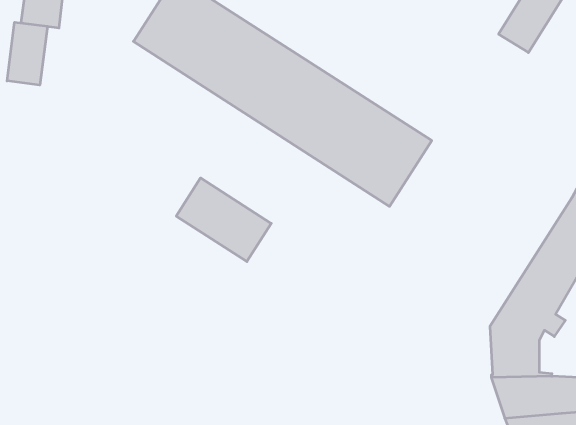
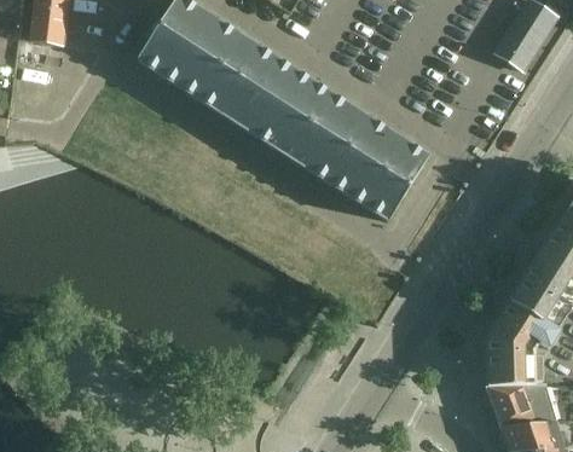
building: [7,22,47,85] -> none
building: [176,178,271,262] -> none

